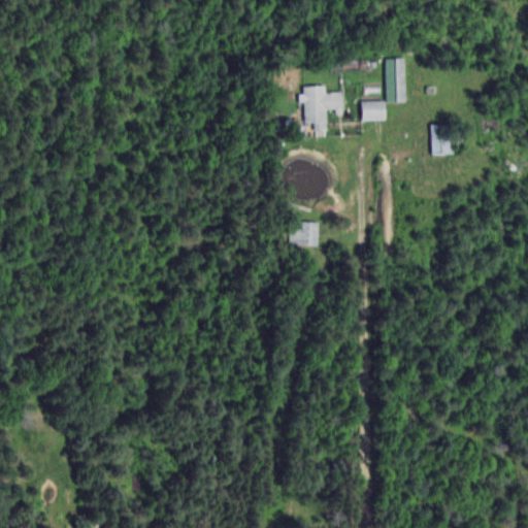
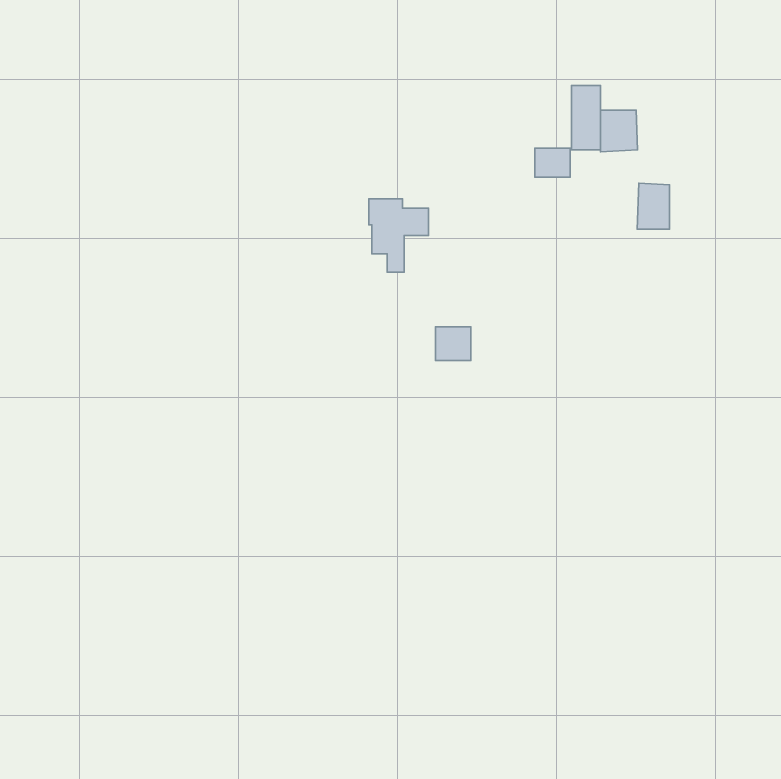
building: none -> [601,110,637,152]
building: [302,86,342,135] -> [369,199,429,272]

